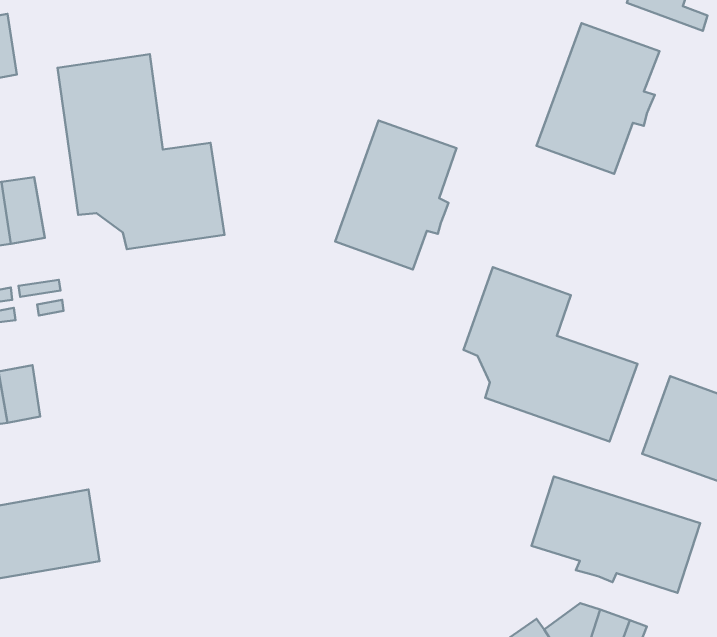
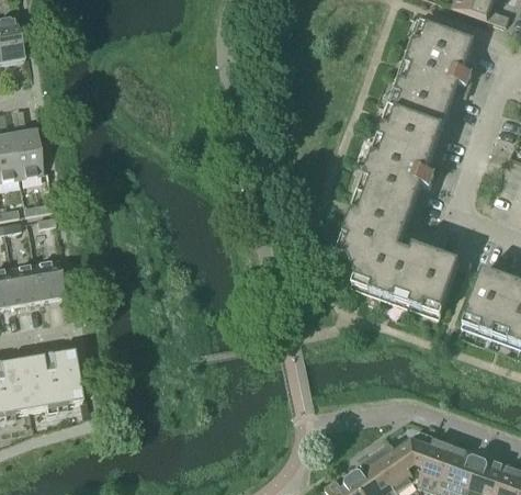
building: [57,54,224,249] -> none
building: [335,120,456,270] -> [358,108,443,213]
building: none -> [33,259,63,299]
building: [531,476,700,593] -> none

